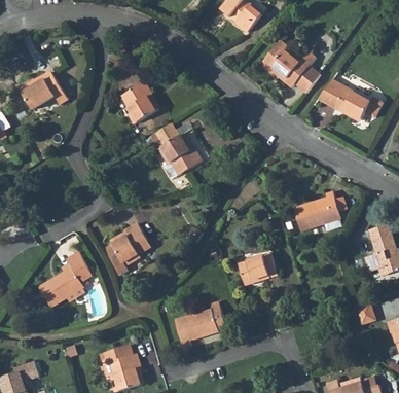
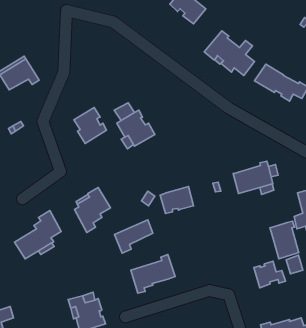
building: [120,81,158,123] -> [74,107,106,144]
building: [238,253,277,285] -> [160,186,194,214]
building: none -> [115,220,153,253]
building: none -> [270,221,299,259]
building: none -> [254,261,286,288]

